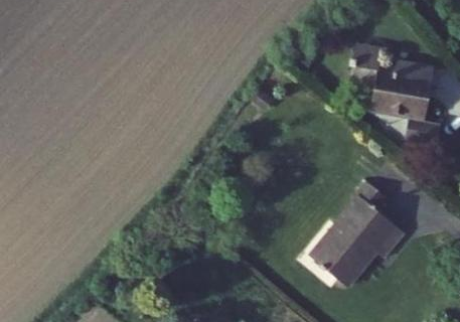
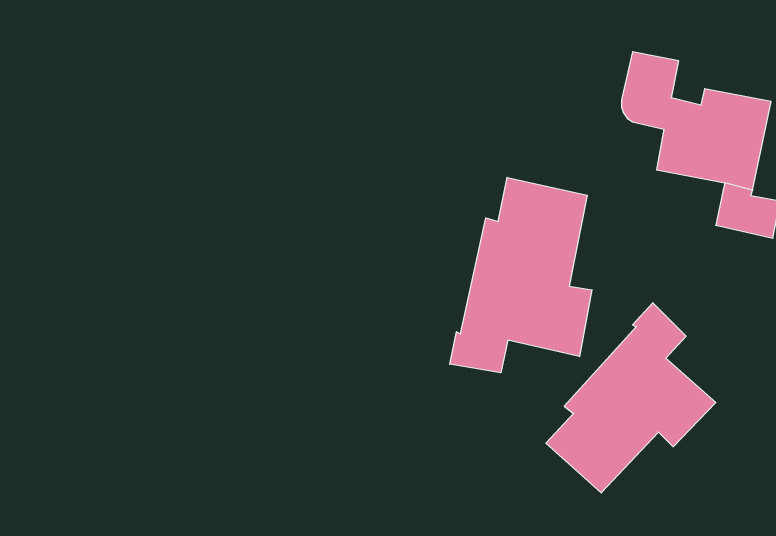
building: none -> [450,177,592,373]

